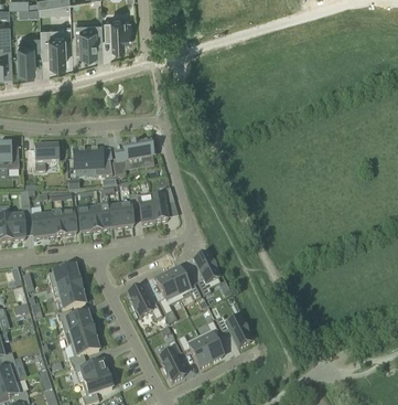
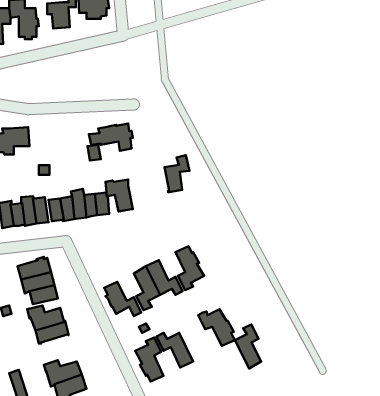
building: [74,148,112,175] -> none
building: [151,188,174,222] -> [164,155,189,192]
building: [198,321,223,362] -> [235,325,261,369]
building: [69,337,99,366] -> none

